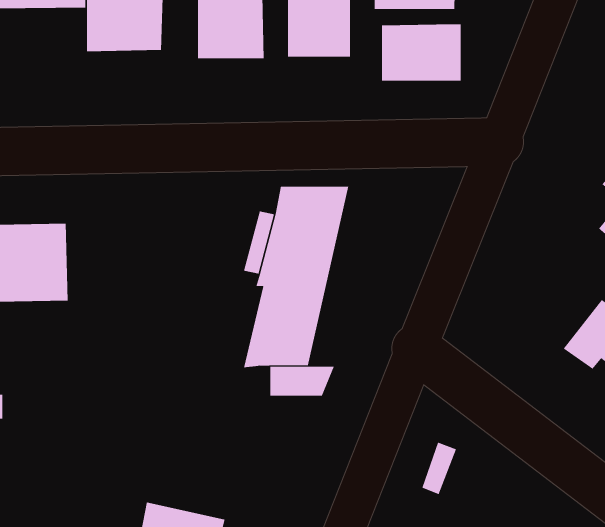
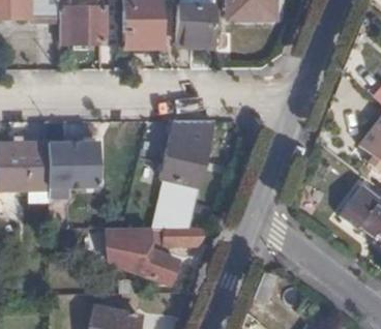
building: [381,23,461,82] -> none
building: none -> [48,142,98,188]
building: none -> [109,227,183,287]

